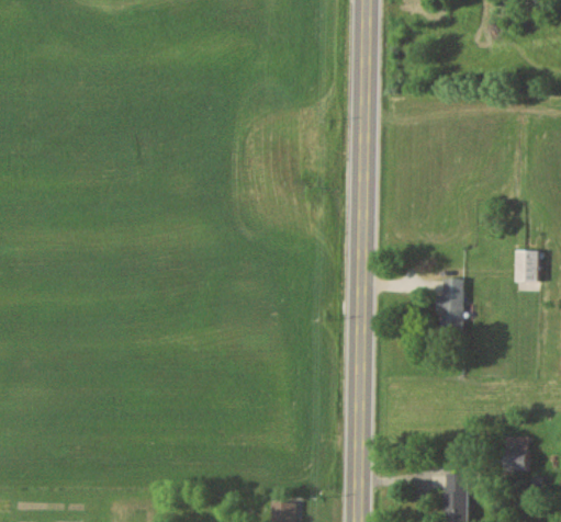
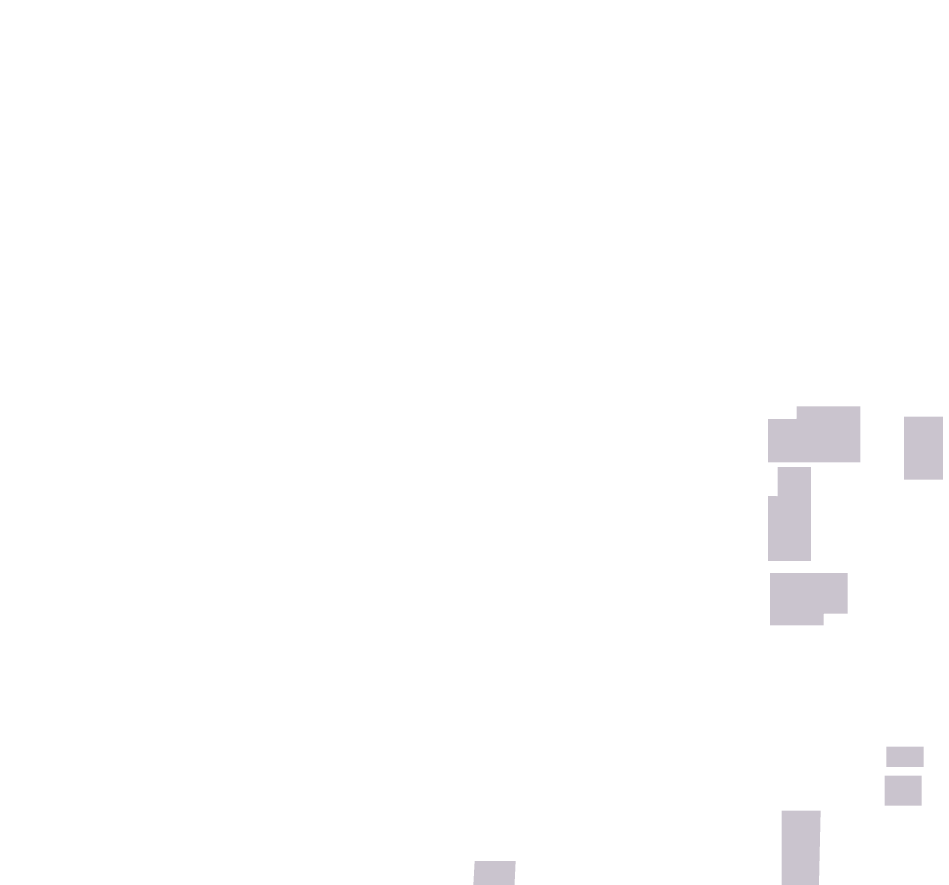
building: none -> [768,406,861,463]
building: none -> [770,572,848,626]

